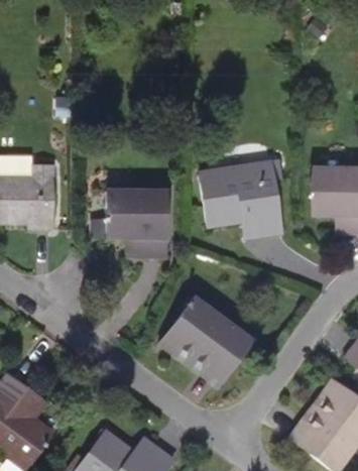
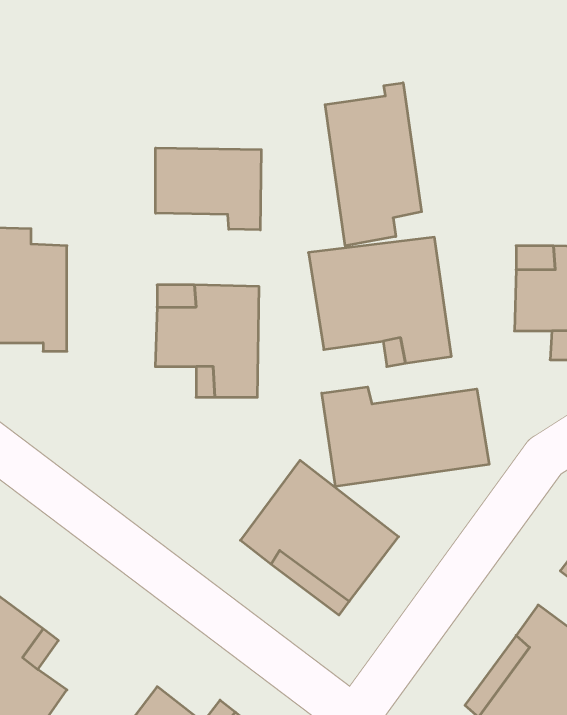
building: none -> [325,83,422,246]
building: none -> [156,148,261,230]
building: none -> [322,387,489,486]

